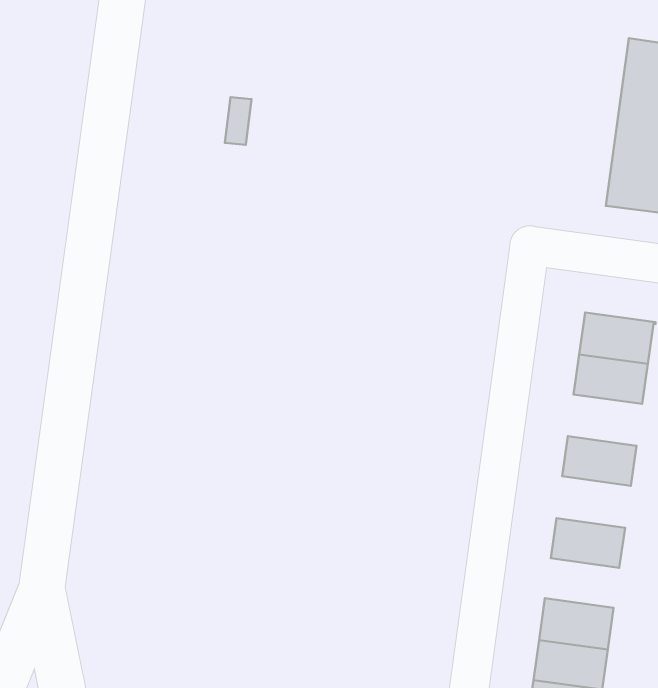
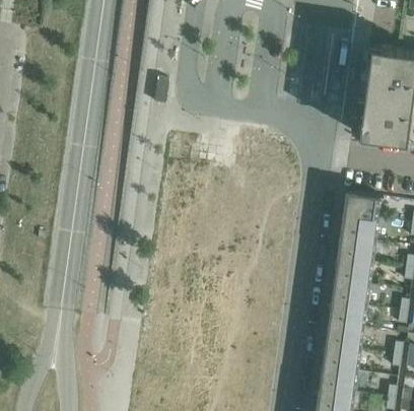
building: none -> [336,237,375,265]
building: none -> [330,281,369,309]
building: none -> [324,325,363,351]

